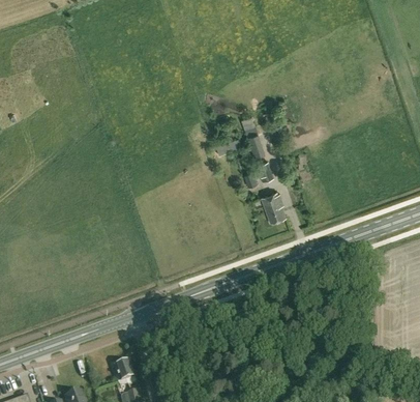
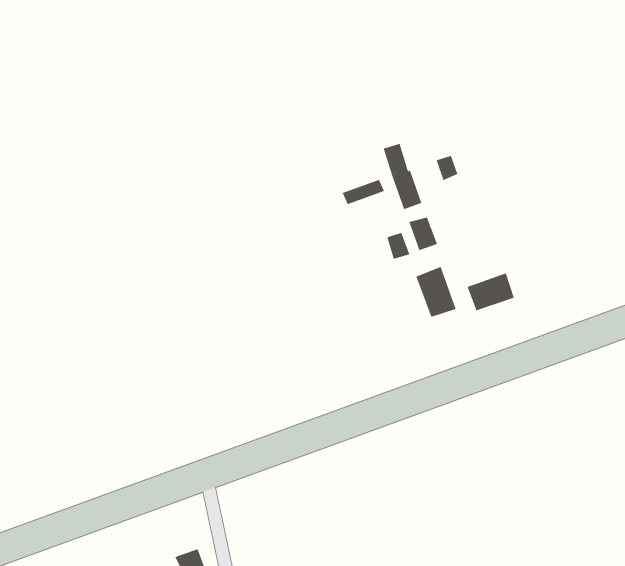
building: none -> [467,272,514,311]

